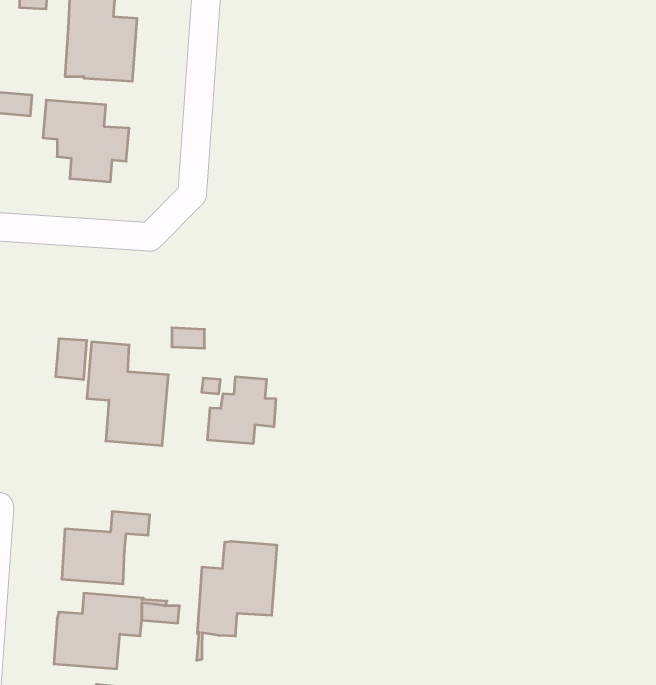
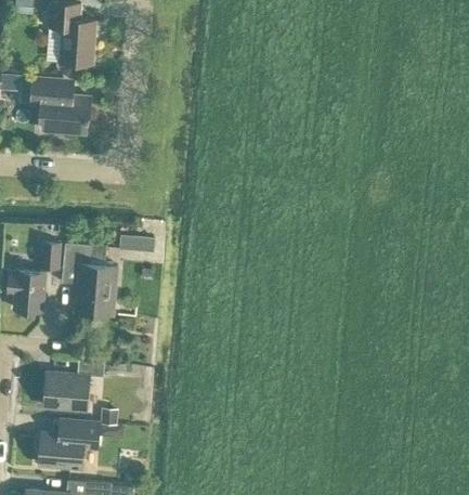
building: [208,377,276,444] -> none
building: none -> [9,270,47,311]
building: [197,541,277,660] -> none

